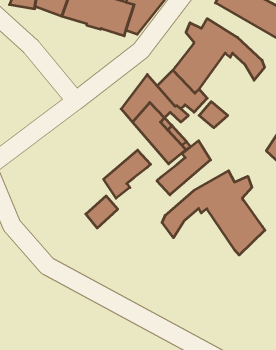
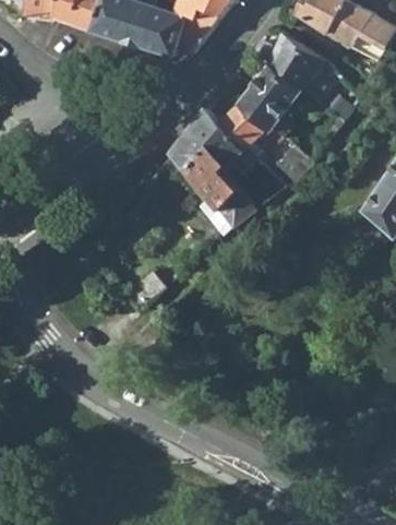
building: [157,141,211,195] -> none
building: [104,150,151,198] -> none
building: [162,171,265,255] -> none

